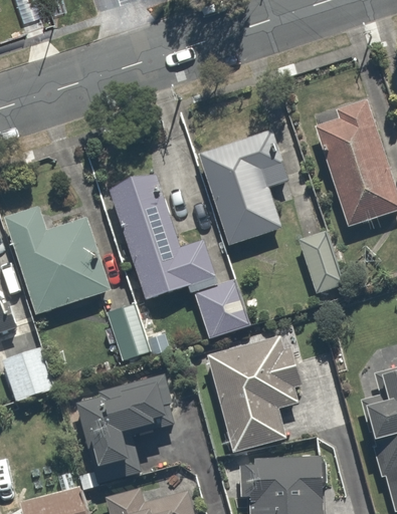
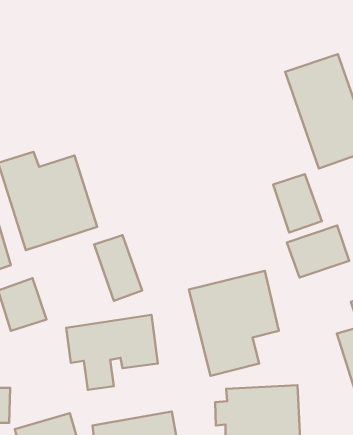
building: [199,134,284,247] -> none
building: [106,169,214,301] -> none
building: [191,279,246,336] -> none
building: none -> [287,225,349,278]

